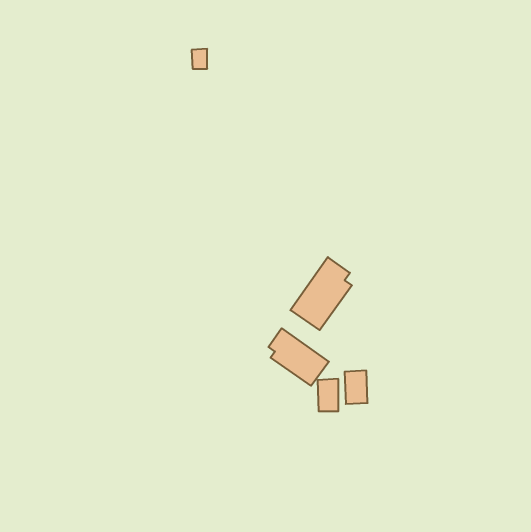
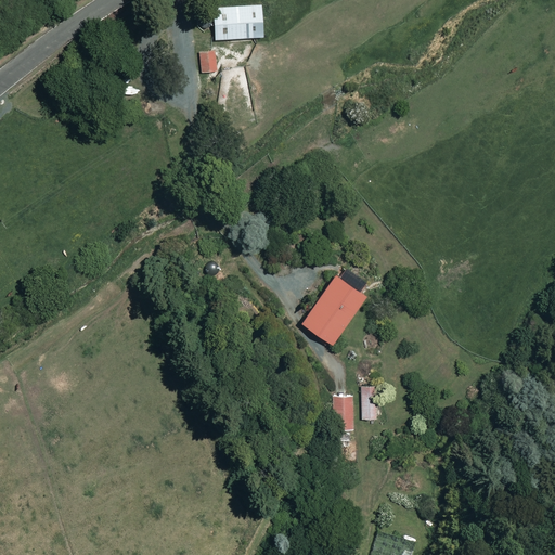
building: none -> [214,4,263,39]
building: [268,328,329,386] -> none

